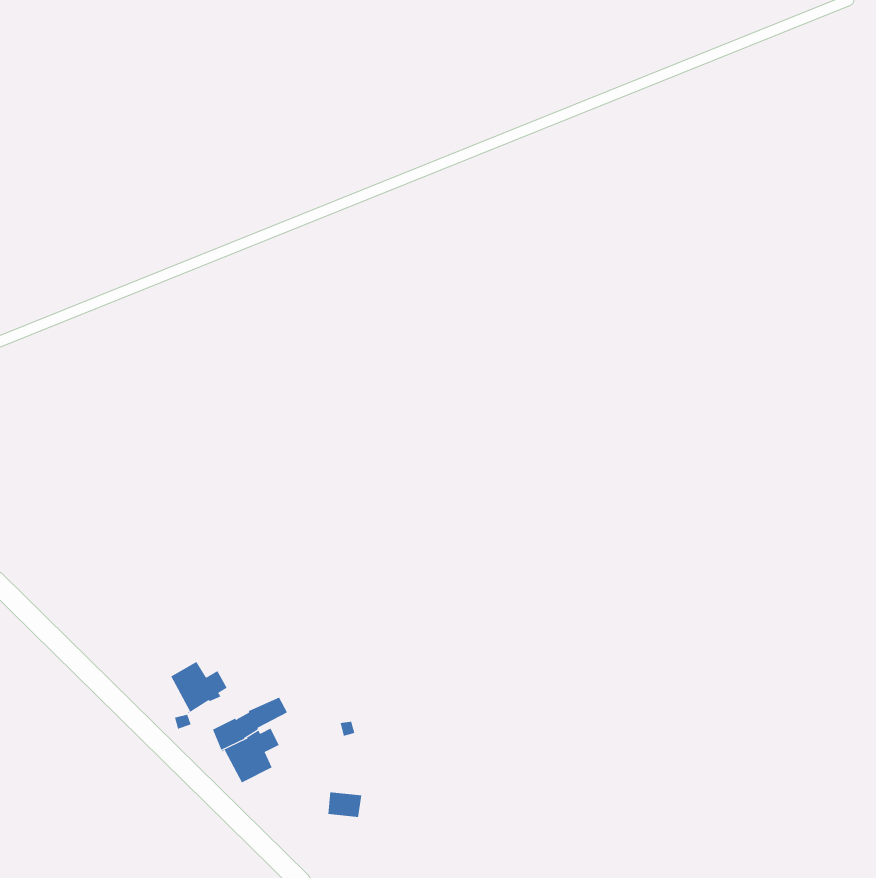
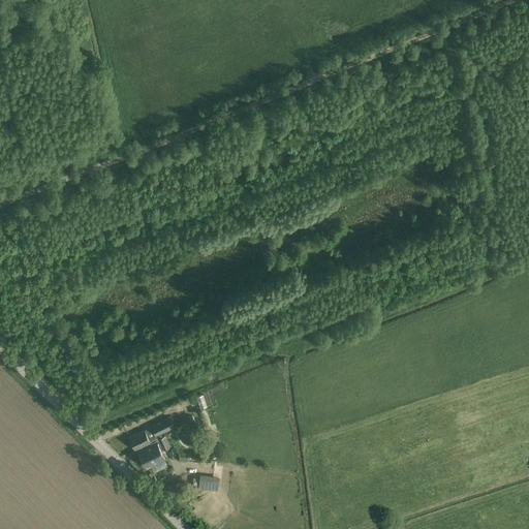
building: [171,661,228,714] -> none

